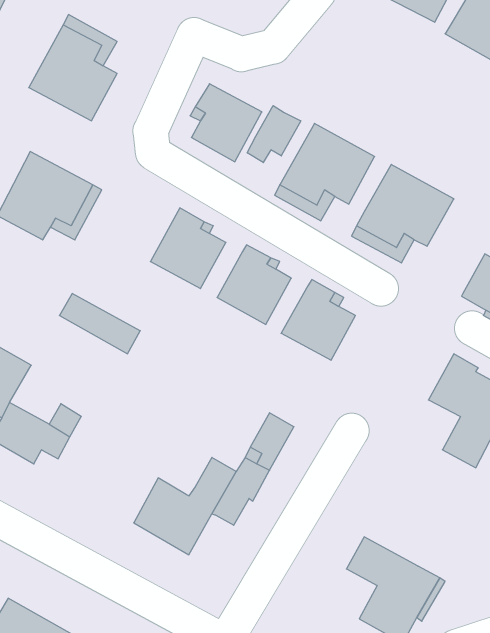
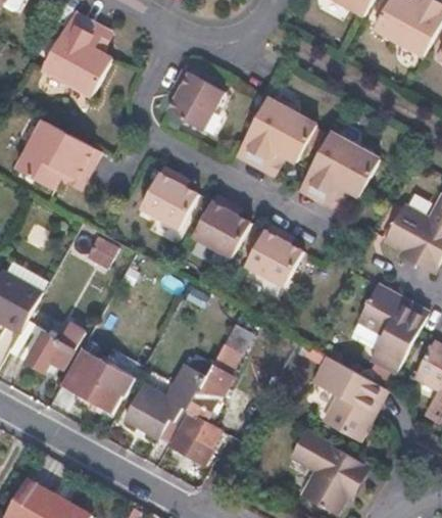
building: [247,106,301,163] -> none
building: none -> [60,348,134,413]
building: none -> [314,355,385,439]
building: none -> [170,412,219,463]

